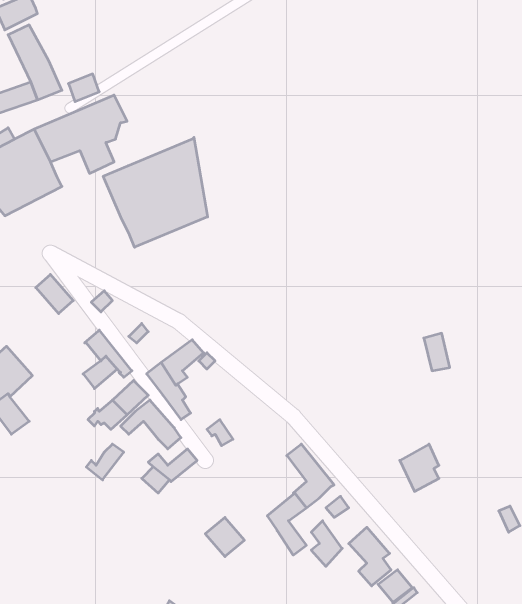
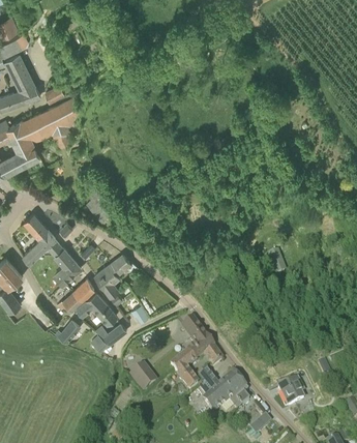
building: [103,137,208,247] -> none
building: none -> [23,229,63,263]
building: [400,444,439,491] -> [278,377,303,407]
building: none -> [204,383,234,413]

